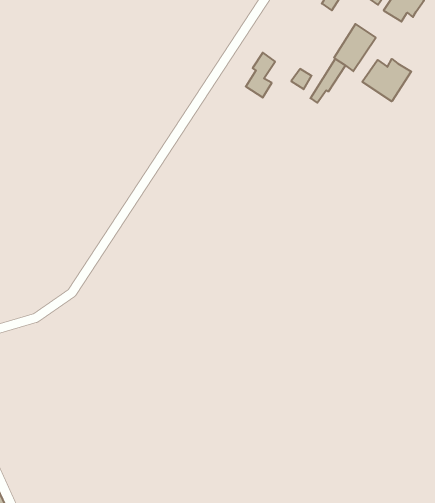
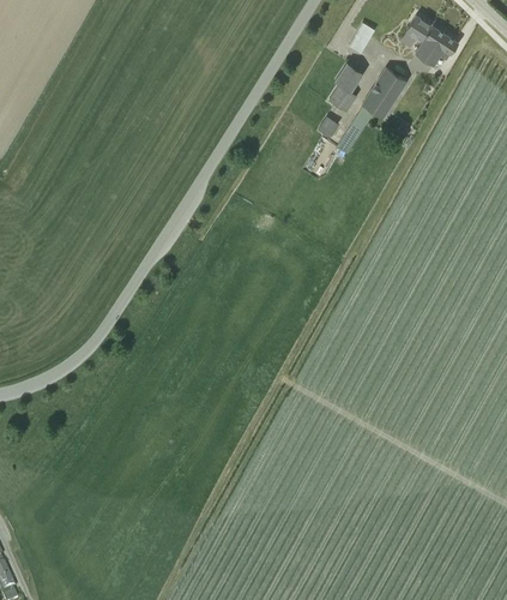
building: [246,53,275,98] -> [328,61,360,109]
building: [362,59,411,101] -> none

